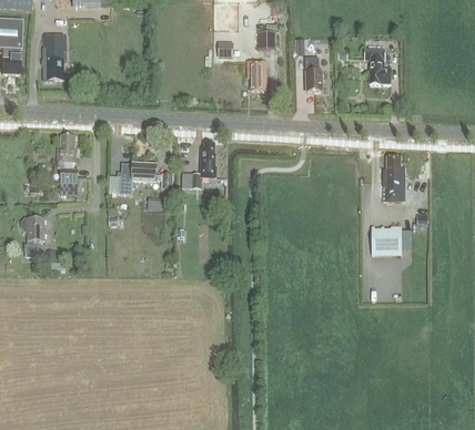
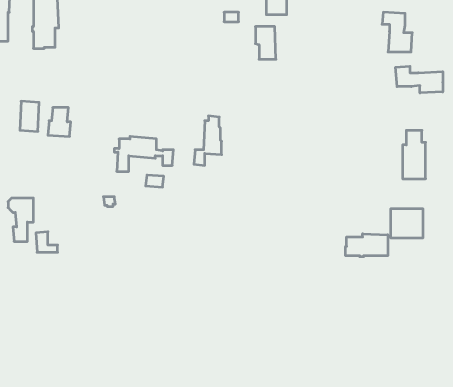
building: [305,57,322,92] -> none
building: none -> [396,66,443,93]
building: [60,167,78,195] -> [20,101,39,131]
building: none -> [346,234,388,257]

